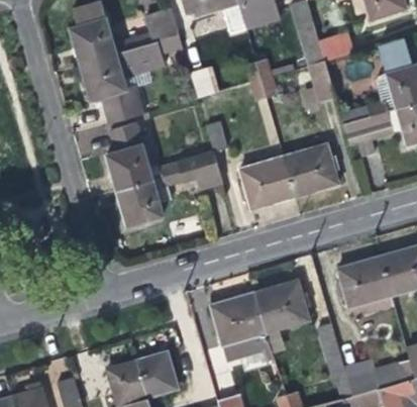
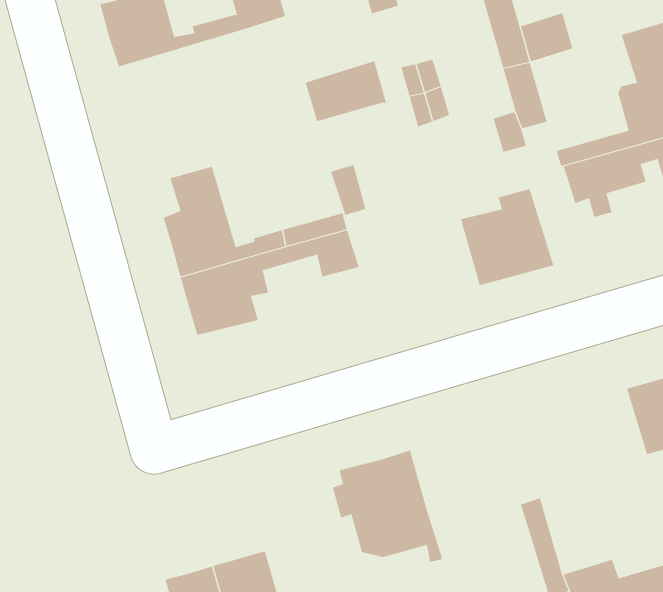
building: [81,42,166,124] -> none
building: [237,156,294,208] -> none
building: [337,256,393,307] -> none
building: [253,279,311,331] -> none

